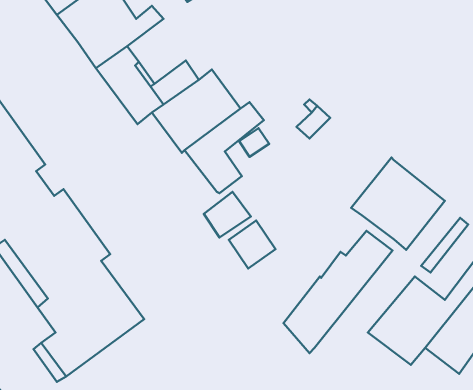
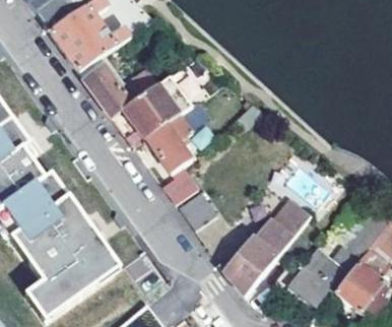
building: [351,157,445,250] -> none

